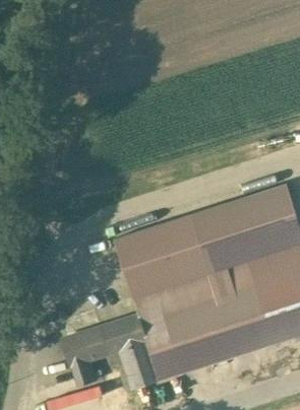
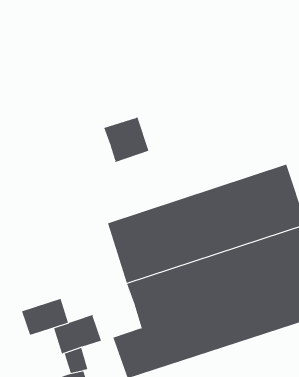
building: none -> [104,116,149,163]
building: [100,317,145,352] -> [21,298,69,335]

